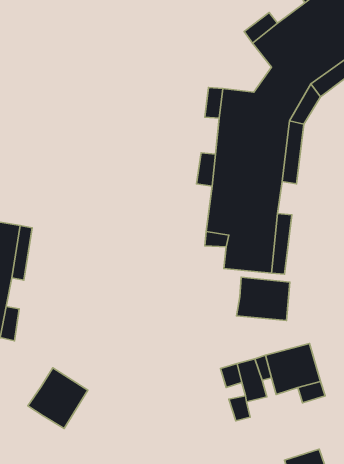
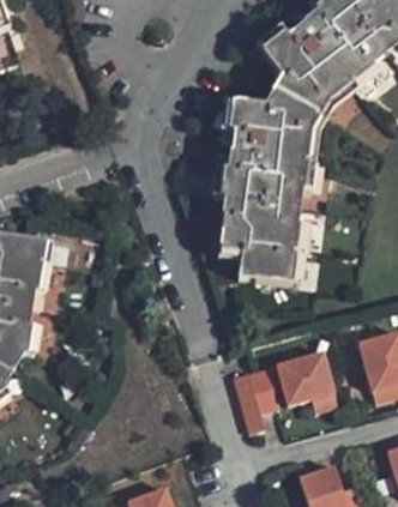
building: [237,277,290,320] -> none
building: [28,368,88,429] -> none

